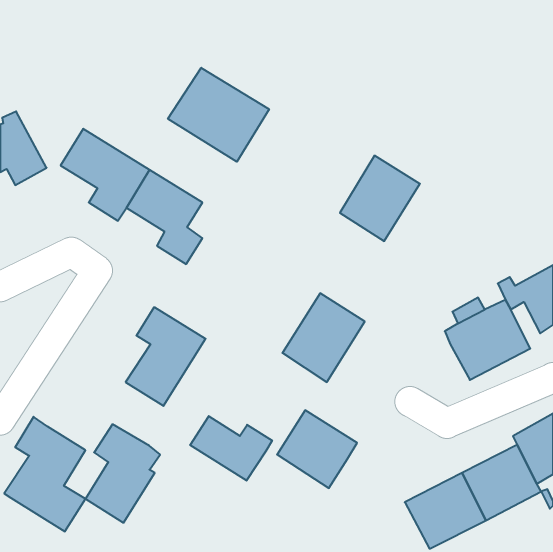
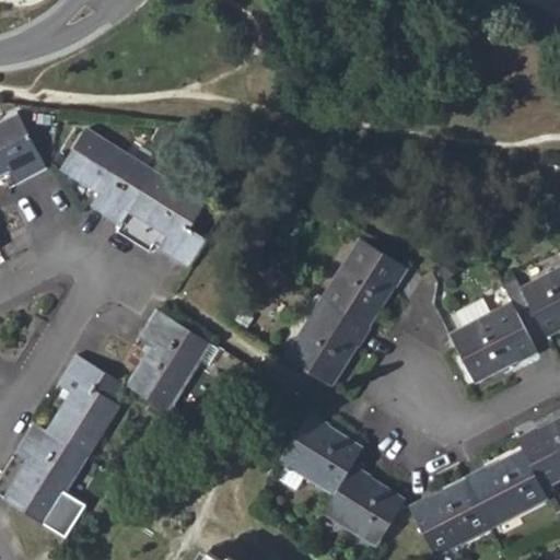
building: [168,68,269,162] -> none
building: [340,156,420,241] -> [324,238,405,325]
building: [190,416,272,481] -> none
building: [85,424,160,523] -> [48,355,124,455]
building: none -> [322,464,405,546]

